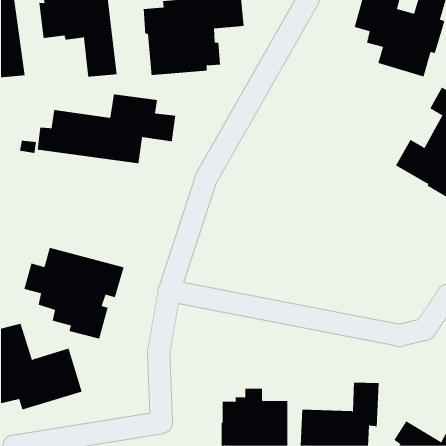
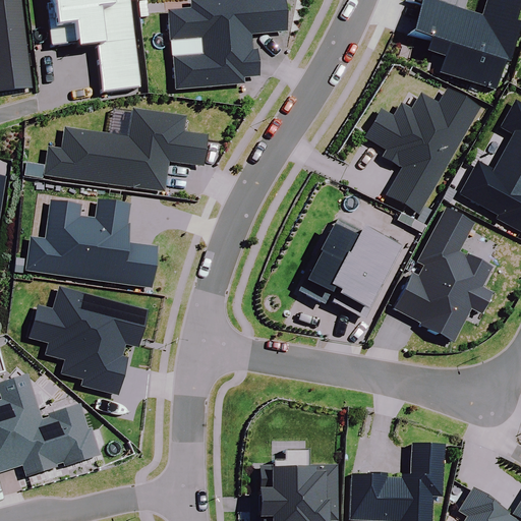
building: none -> [365,89,479,213]
building: none -> [25,199,157,286]
building: none -> [395,208,491,341]
building: none -> [298,226,401,319]

